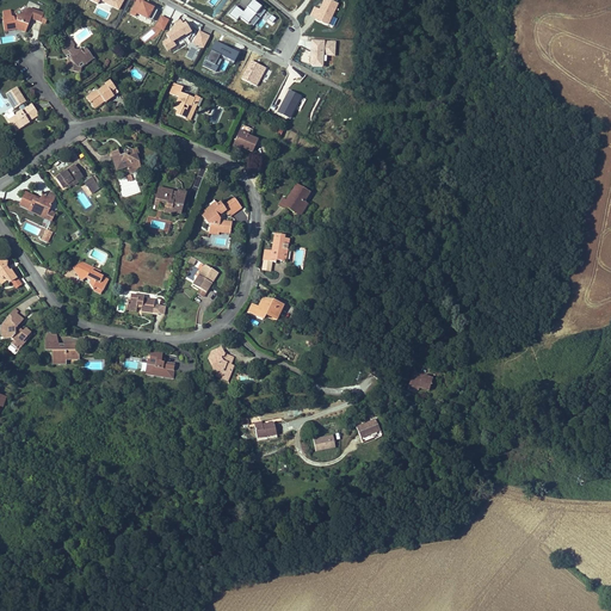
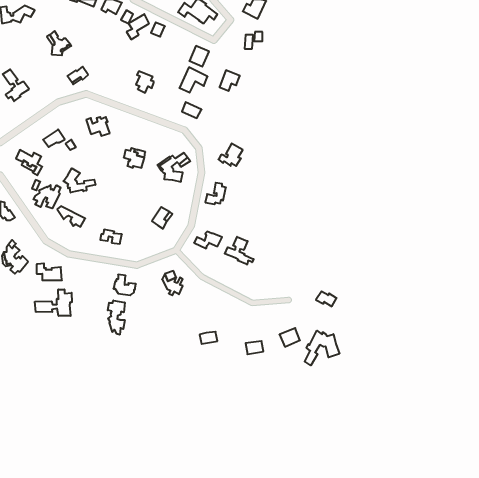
building: [203,38,239,70] -> [179,67,208,93]
building: none -> [63,168,95,193]
building: none -> [33,185,61,208]
building: none -> [225,237,254,265]
building: none -> [35,289,72,316]
building: none -> [108,300,125,335]
building: none -> [305,331,339,365]

